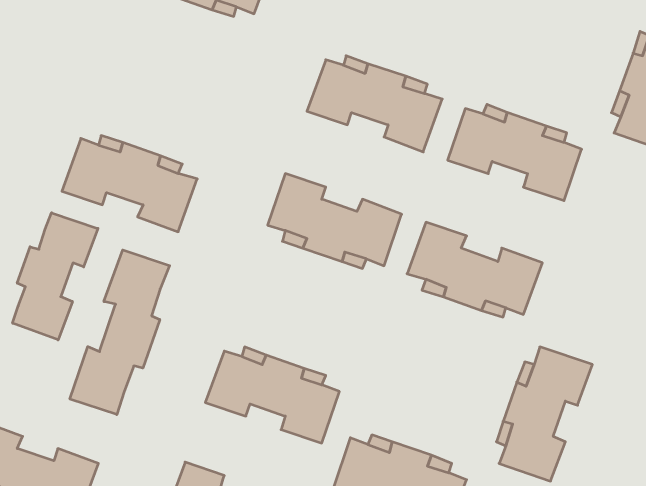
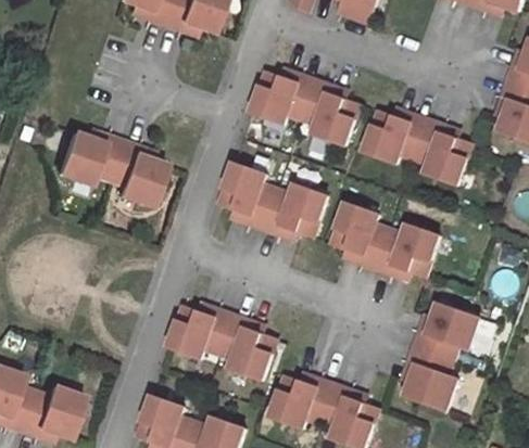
building: [13,213,98,340] -> none
building: [70,250,170,415] -> none

